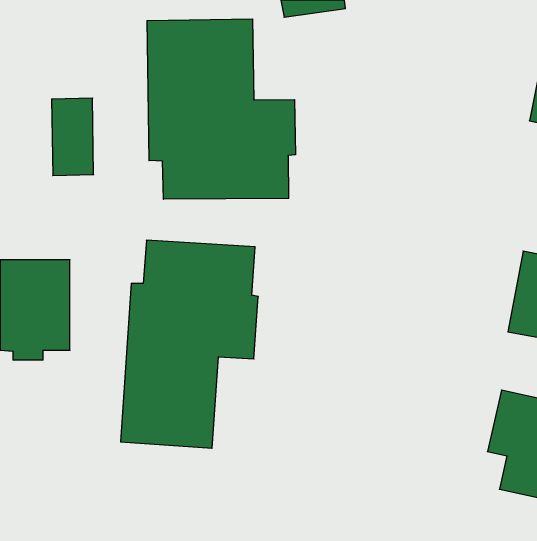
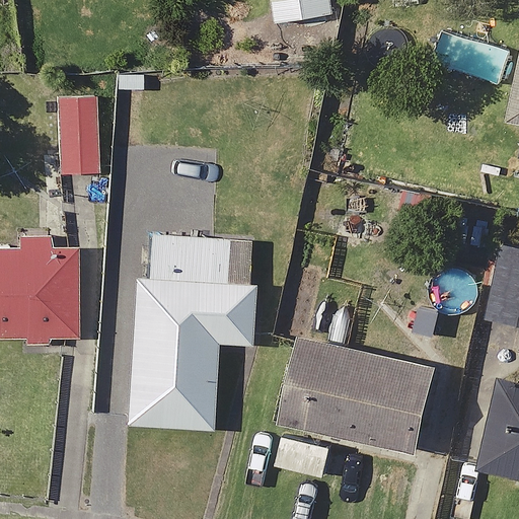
building: [147,19,295,199] -> none
building: none -> [279,336,438,454]

